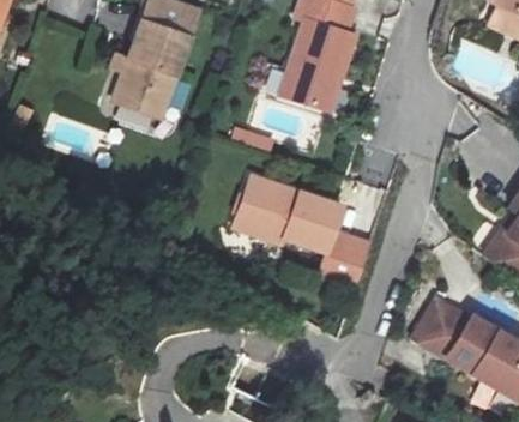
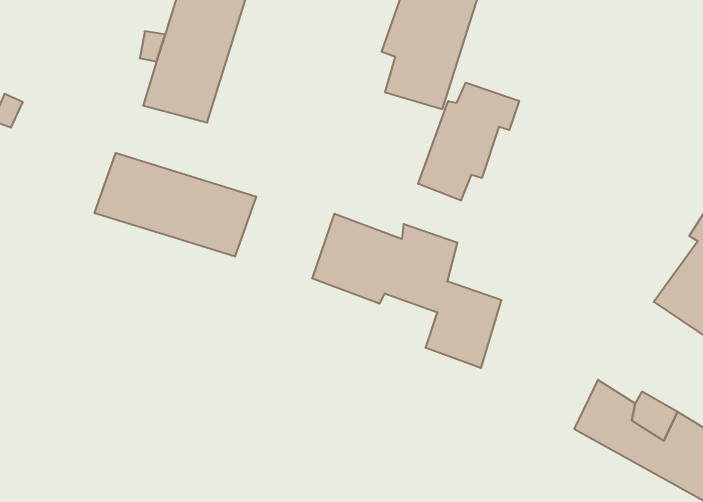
building: none -> [418,83,519,201]
building: none -> [95,153,256,257]

